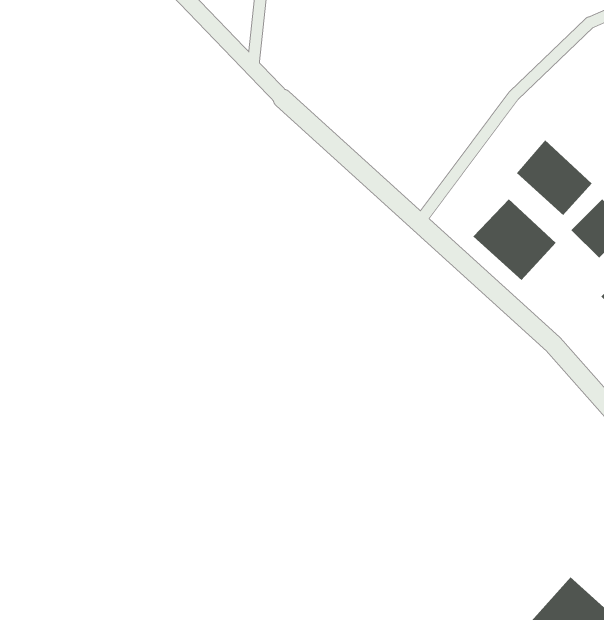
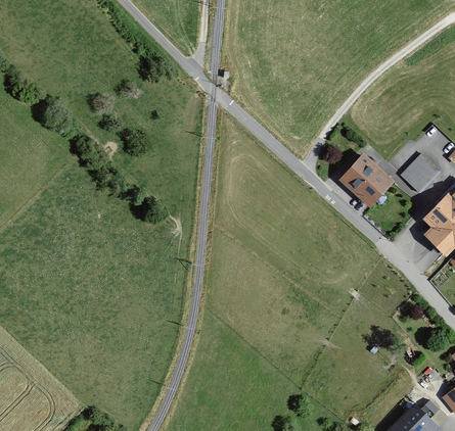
building: [516,140,593,216] -> none

